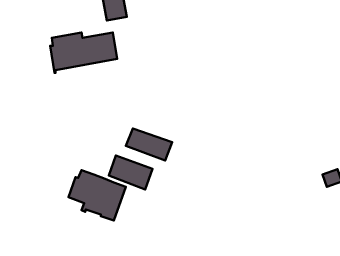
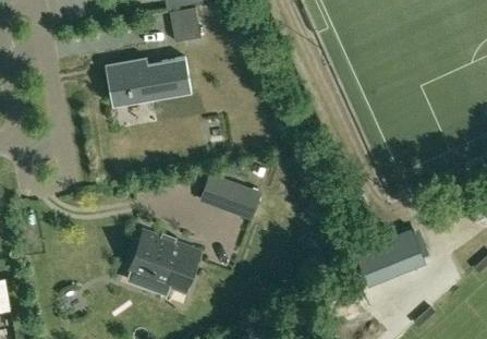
building: [109,156,153,189] -> none
building: none -> [355,231,423,286]

